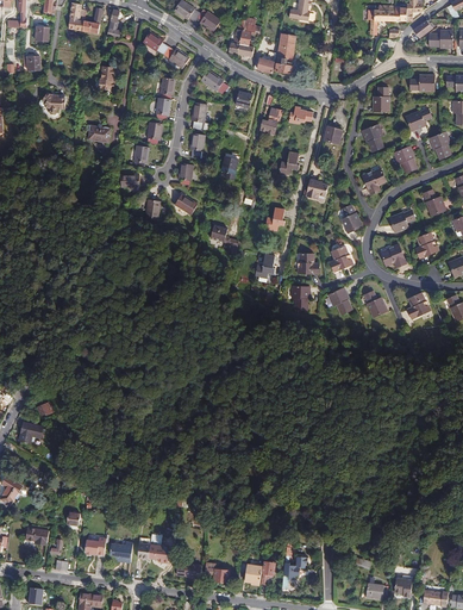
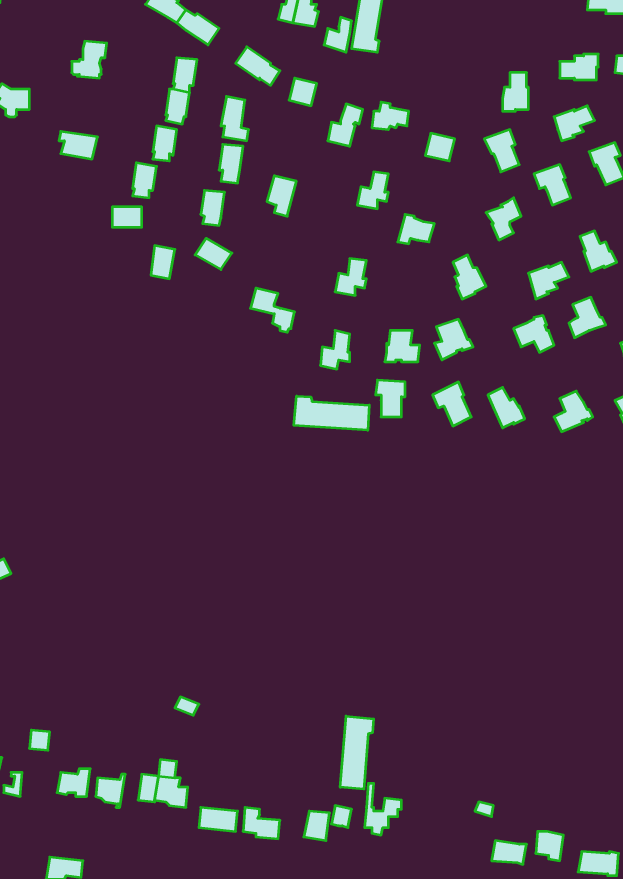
building: none -> [294,396,369,430]
building: none -> [340,716,374,789]

